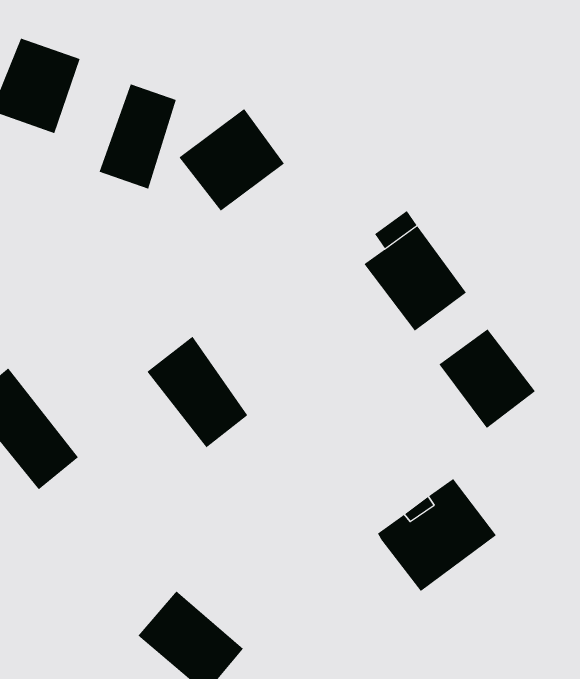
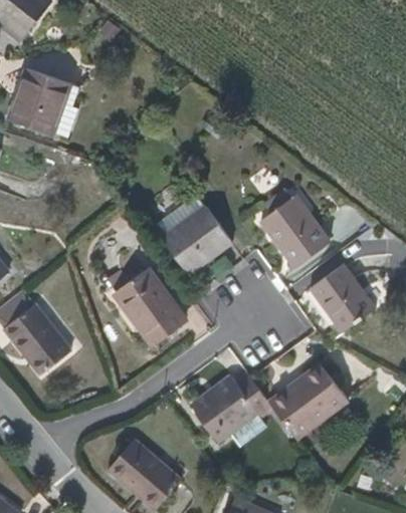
building: [99,83,177,189] -> none
building: [179,108,285,211] -> [161,204,232,273]
building: none -> [191,373,271,440]

